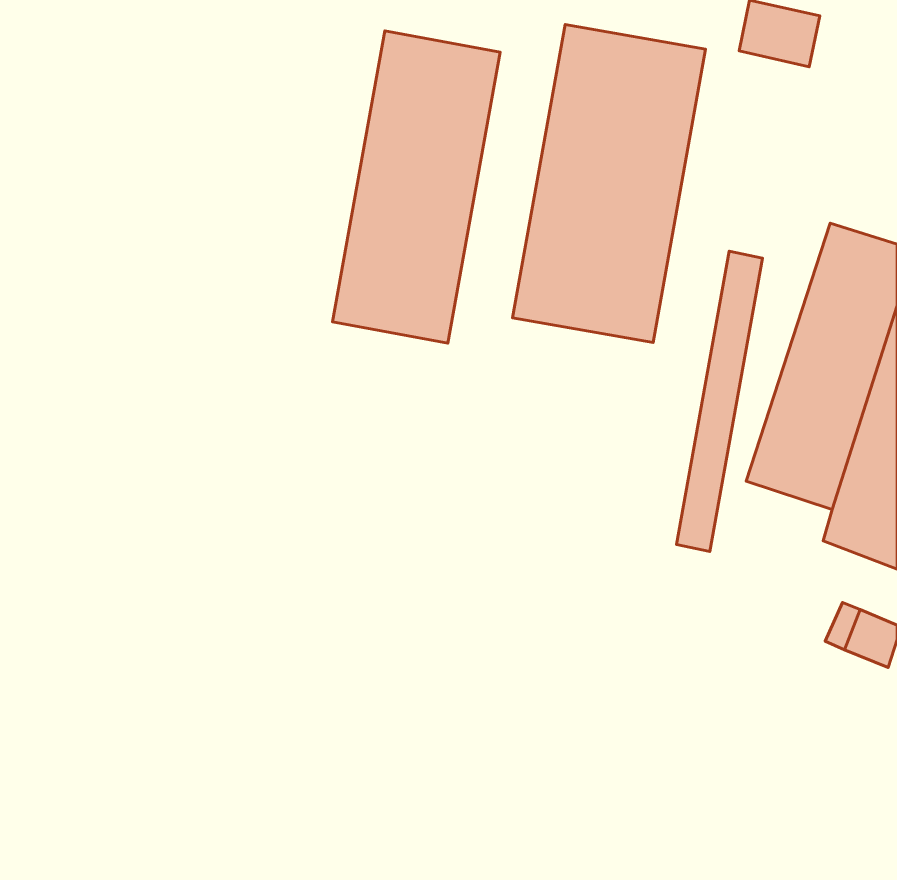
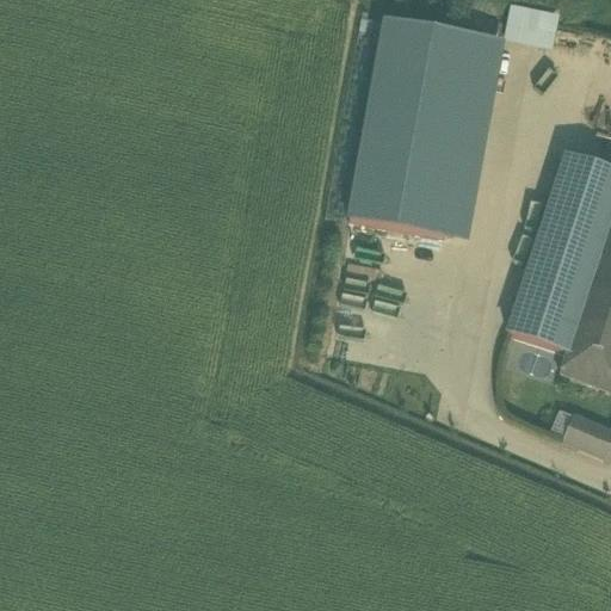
building: [333,31,500,343] -> none
building: [676,251,762,552] -> [444,33,502,237]

